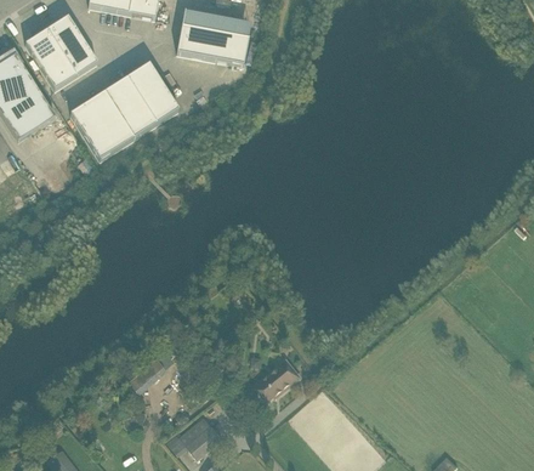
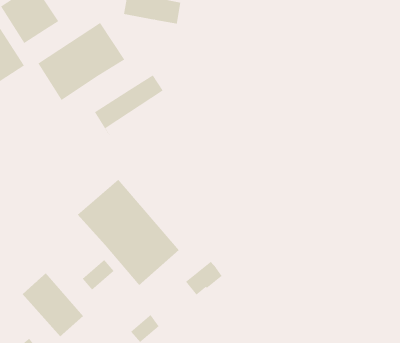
building: none -> [94,74,163,138]
building: none -> [77,179,179,286]
building: none -> [22,273,84,337]

